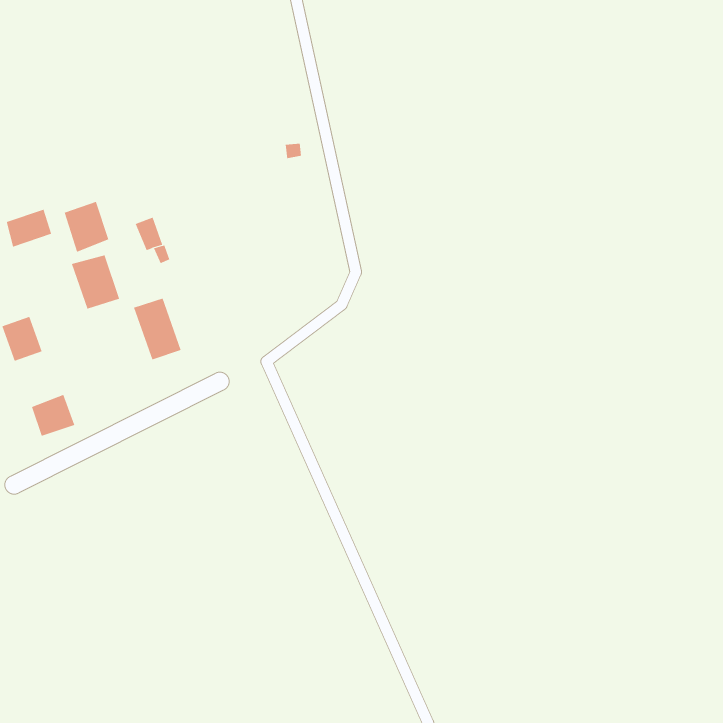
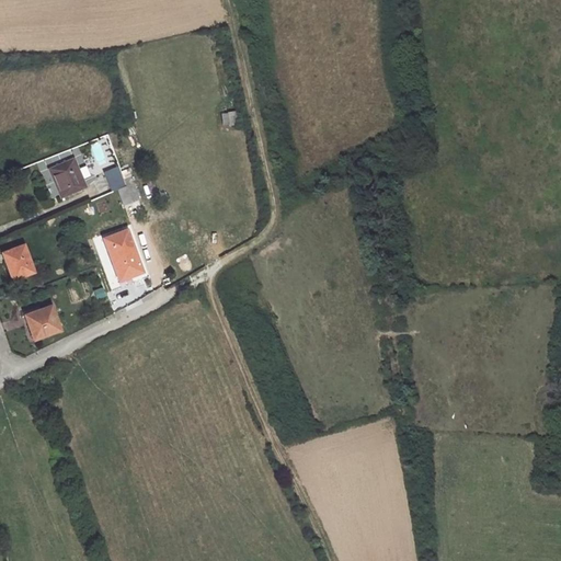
building: [6,209,52,248] -> none
building: [71,254,120,310] -> none

